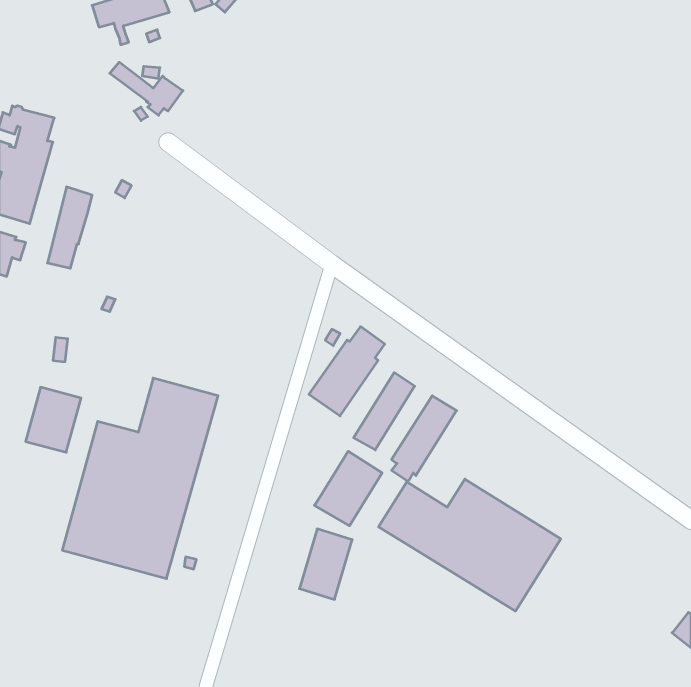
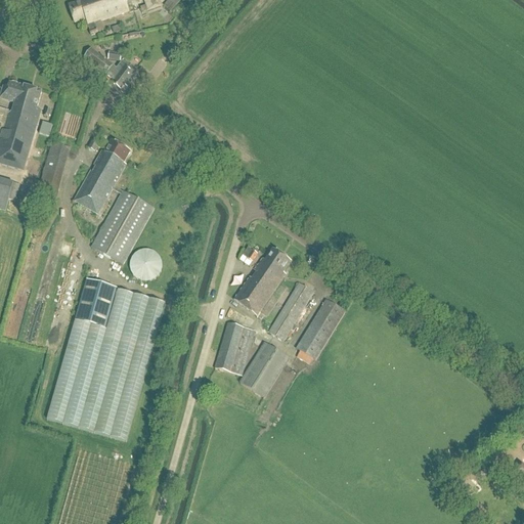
building: none -> [73,139,154,262]
building: none -> [129,248,162,279]
building: [26,387,81,452] -> [74,277,116,326]
building: [379,479,561,611] -> none
building: [299,529,352,599] -> [214,321,254,375]

